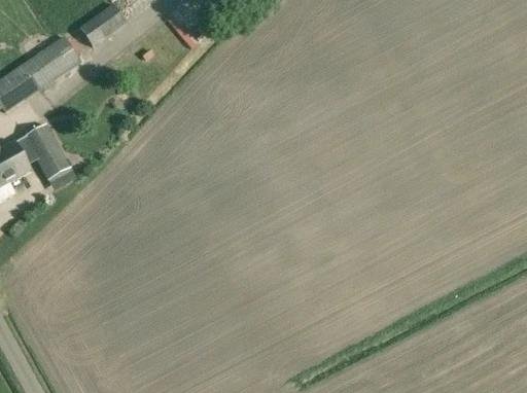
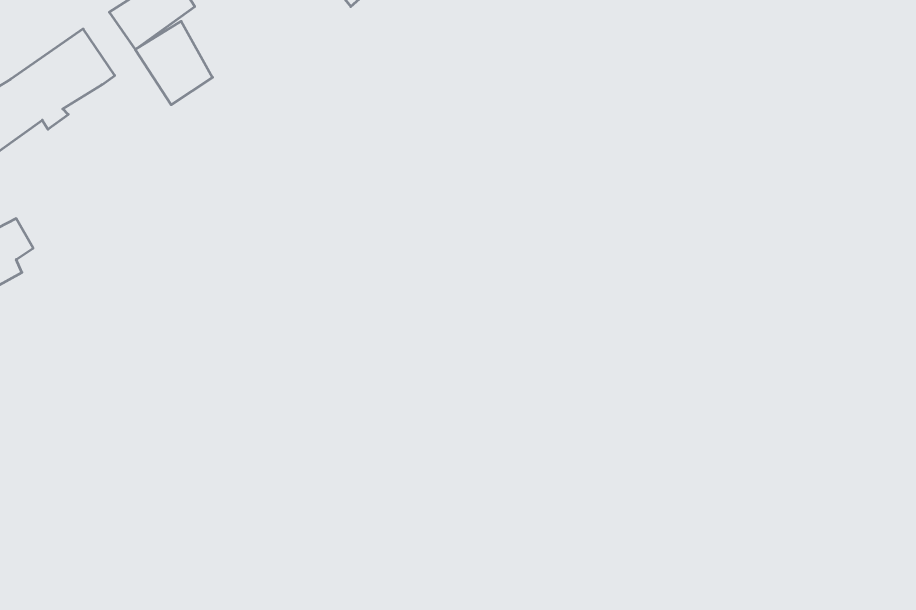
building: none -> [135,21,213,105]
building: [25,122,73,181] -> none

